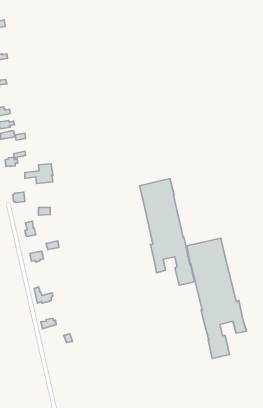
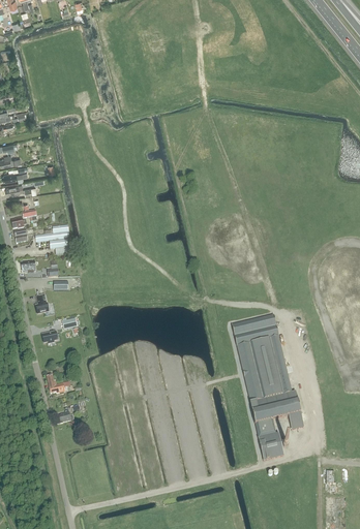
building: [140,179,195,285] -> none

